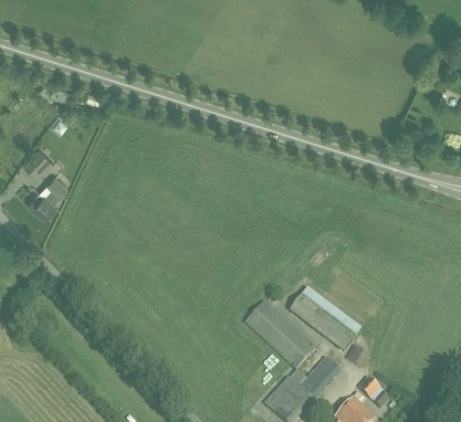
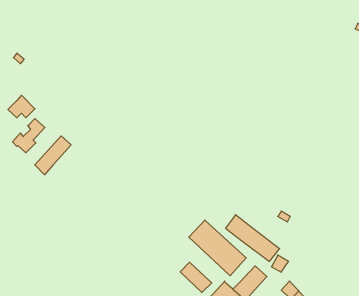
building: none -> [35,136,71,175]
building: none -> [180,262,212,292]

